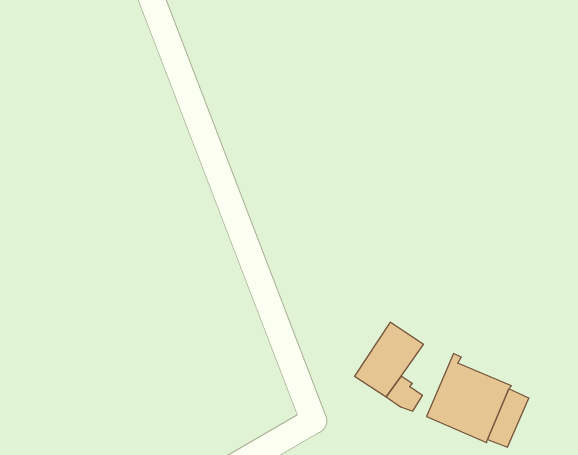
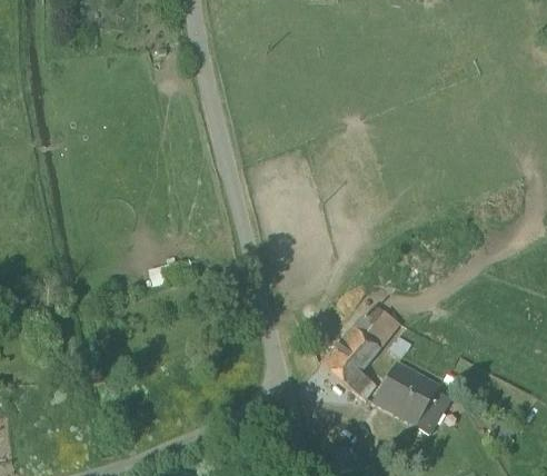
building: none -> [354,301,402,348]

